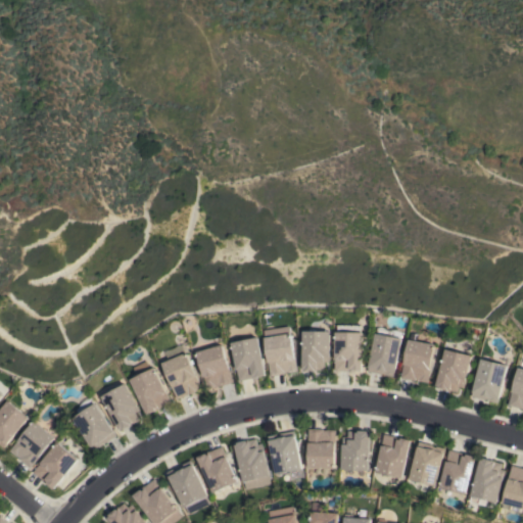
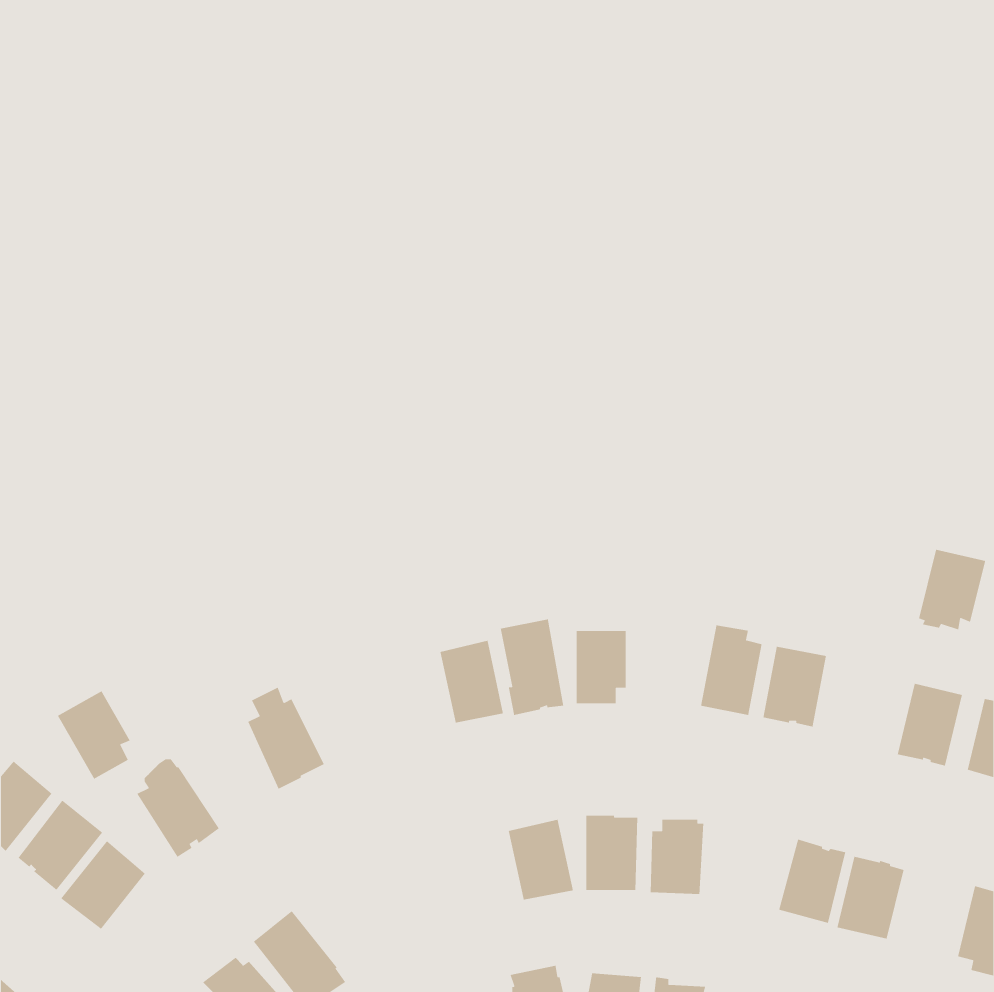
building: [334,326,362,372] -> none
building: [195,345,232,389] -> none
building: [435,349,471,392] -> [918,549,986,631]
building: [161,353,200,399] -> none
building: [100,384,139,431] -> [57,690,131,780]
building: [375,434,410,478] -> none
building: [234,439,271,490] -> none
building: [196,446,237,493] -> none
building: [470,458,505,507] -> none
building: [167,461,209,515] -> none

